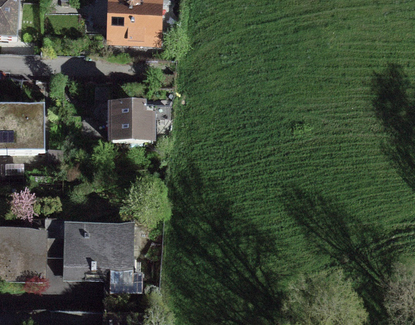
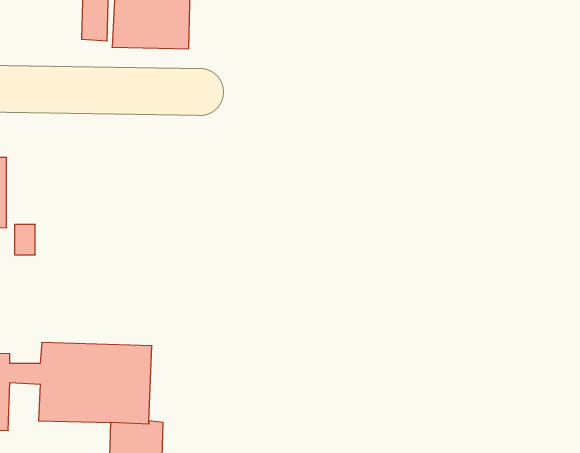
building: [111,103,169,137] -> none

